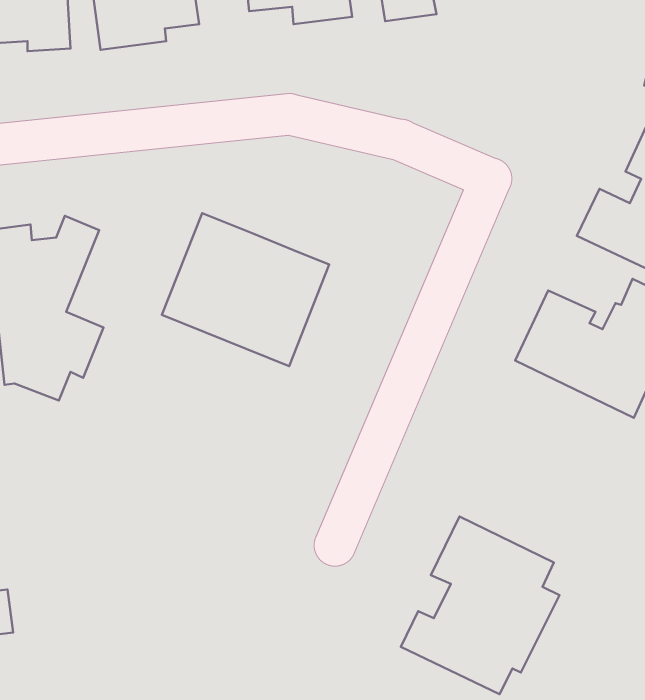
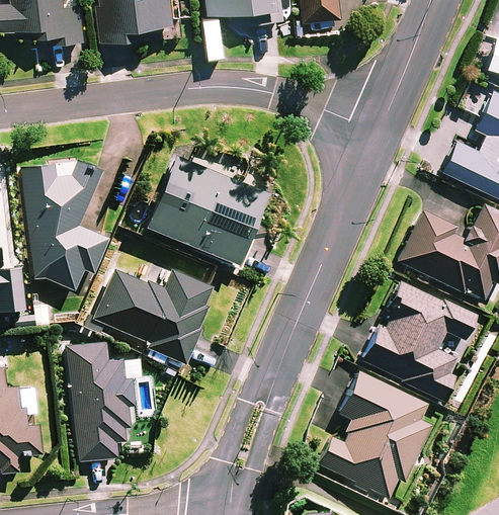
building: none -> [95,262,213,363]
building: none -> [361,280,474,401]
building: none -> [68,339,144,462]

